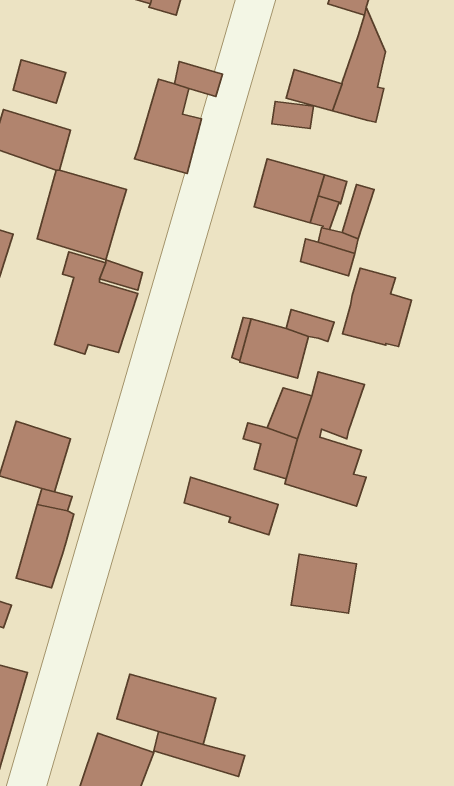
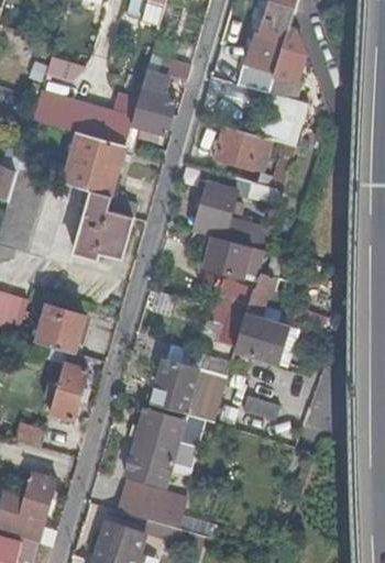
building: none -> [246,31,284,71]
building: none -> [78,104,132,145]
building: [343,268,411,347] -> [194,179,241,233]
building: none -> [148,360,222,420]
building: none -> [123,406,184,483]

